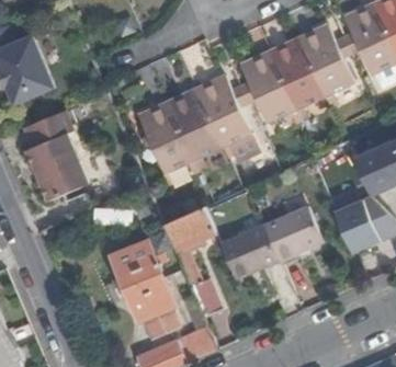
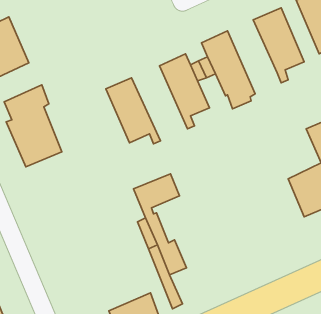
building: [268,37,323,118] -> none
building: [162,88,219,170] -> none
building: [223,207,324,282] -> none
building: [111,234,179,337] -> none

